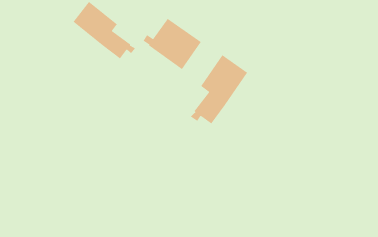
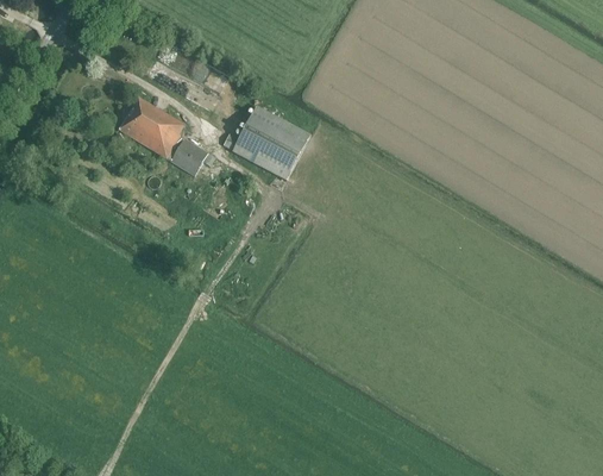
building: [190,54,248,125] -> none

